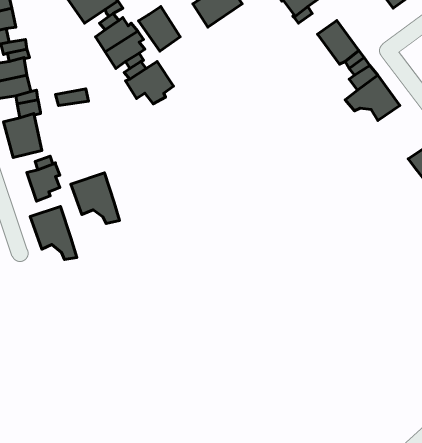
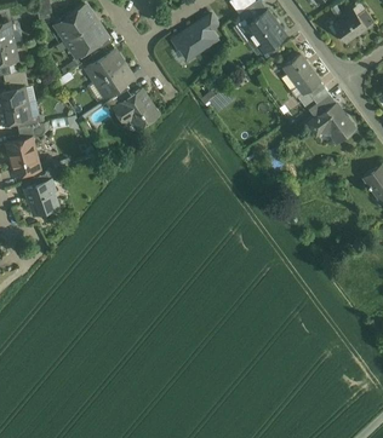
building: [138,7,180,51] -> none
building: [71,173,120,223] -> none
building: [30,207,77,260] -> none

